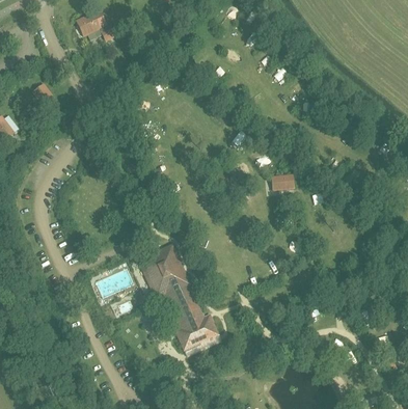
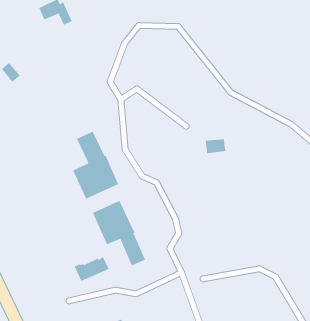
building: none -> [72,131,119,199]
building: [175,319,217,349] -> [74,256,109,282]

